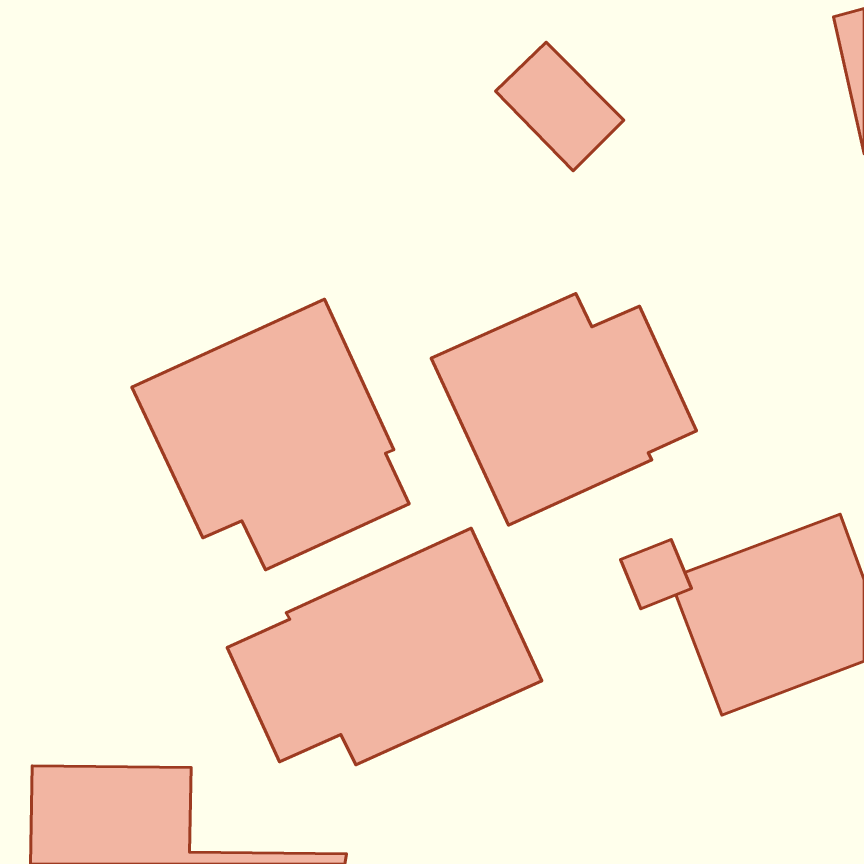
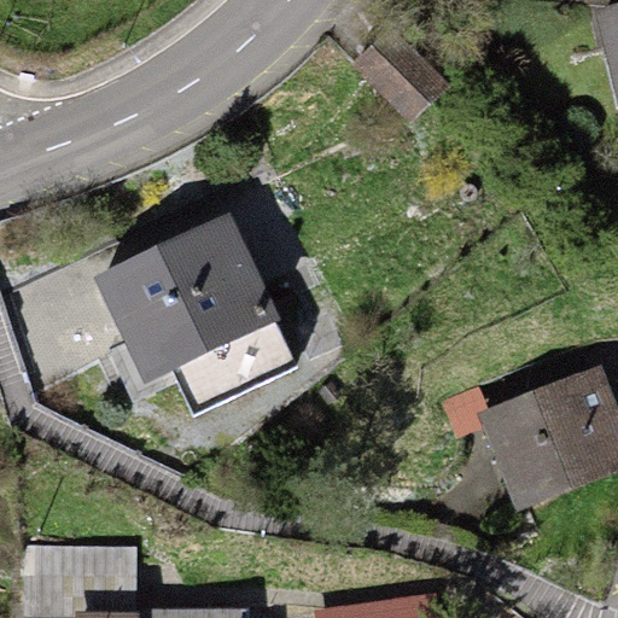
building: [431,294,697,525] -> none
building: [227,528,542,765] -> none

